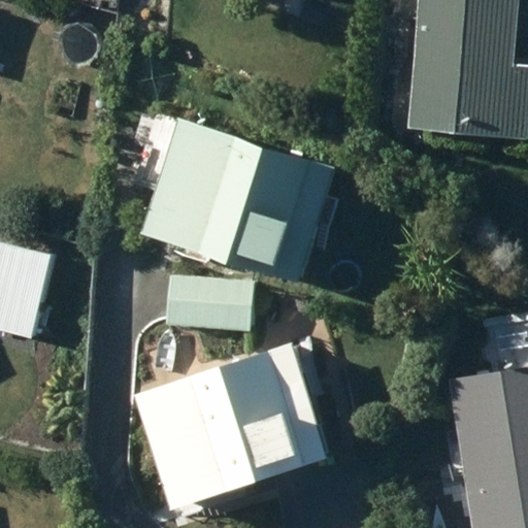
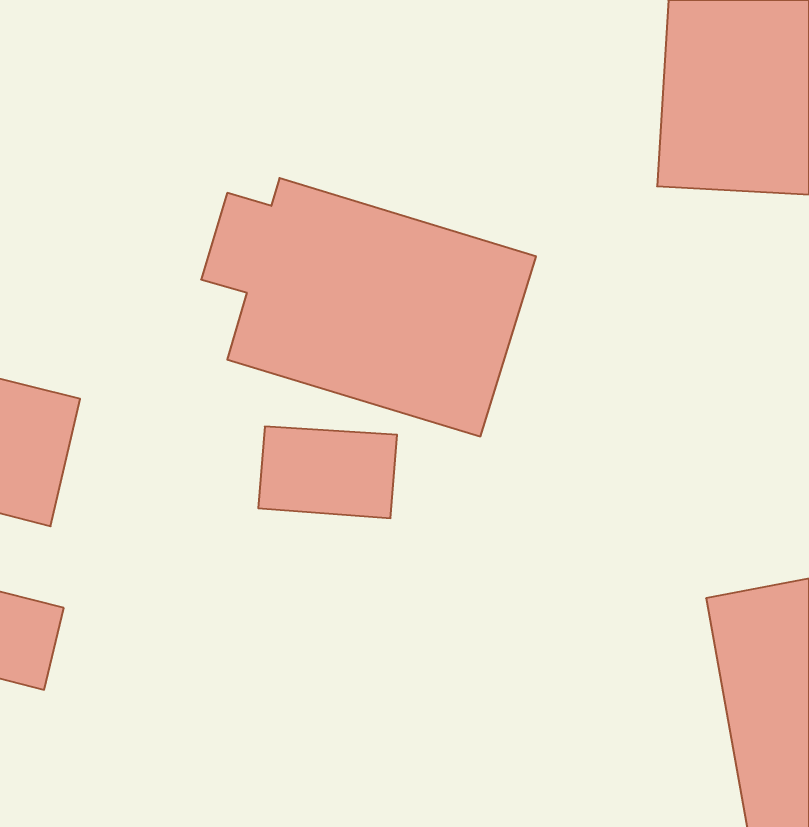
building: [141,341,335,507] -> none

